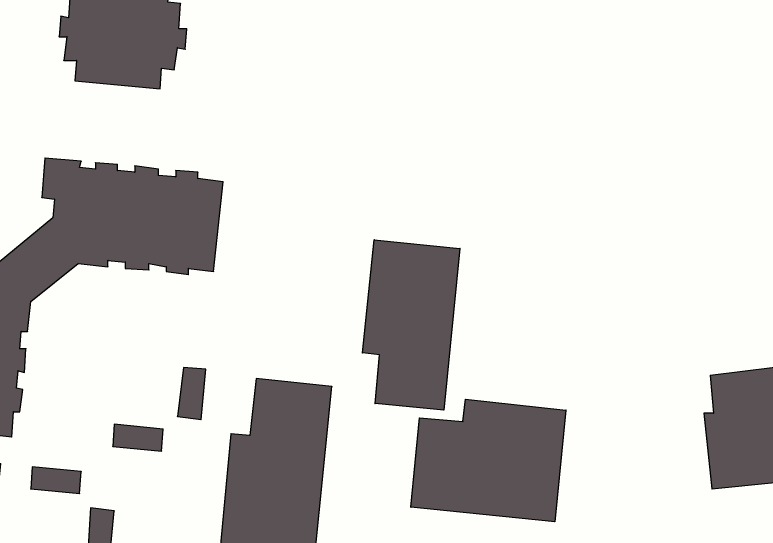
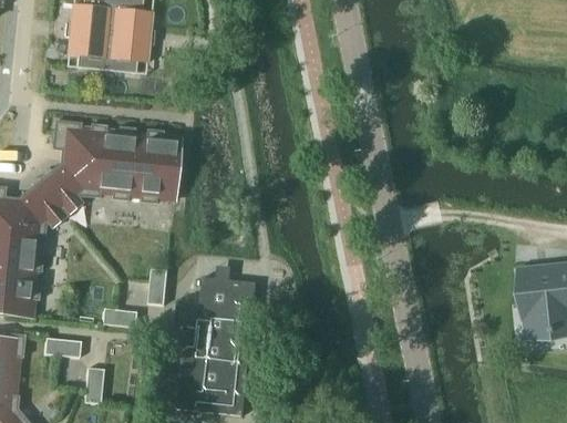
building: [362,240,460,410] -> none
building: [411,399,566,522] -> none

